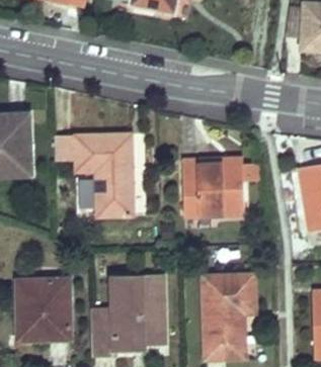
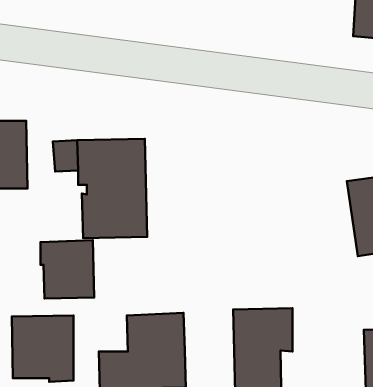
building: [182,158,243,214] -> none
building: none -> [41,240,94,299]

